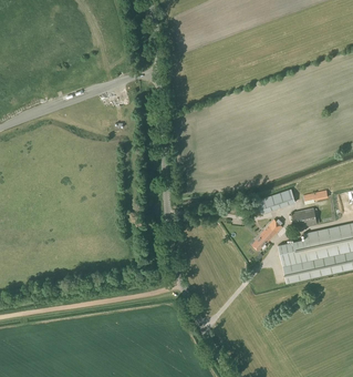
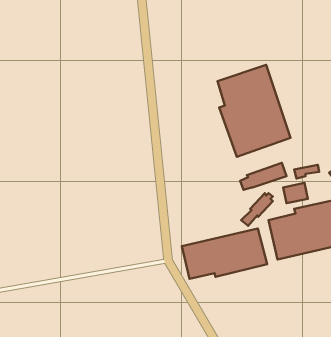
building: none -> [217,65,291,157]
building: none -> [182,228,267,279]

